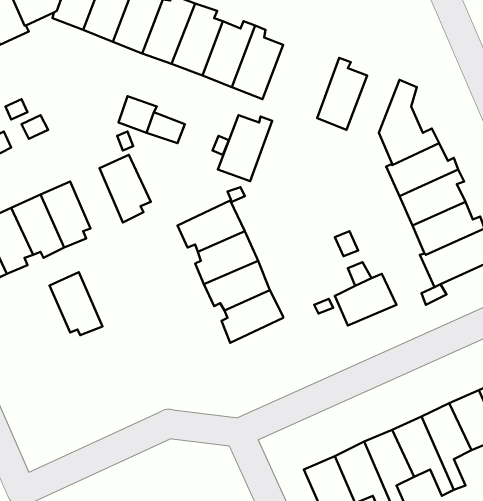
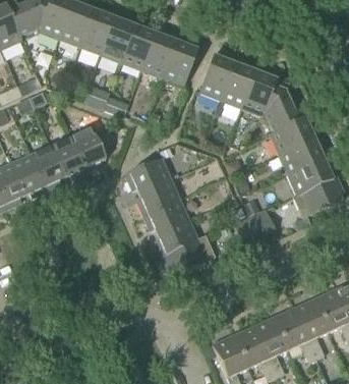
building: none -> [241,71,278,117]
building: [218,115,272,181] -> [198,55,236,101]
building: [49,272,102,335] -> [50,135,86,179]
building: none -> [161,235,215,275]

